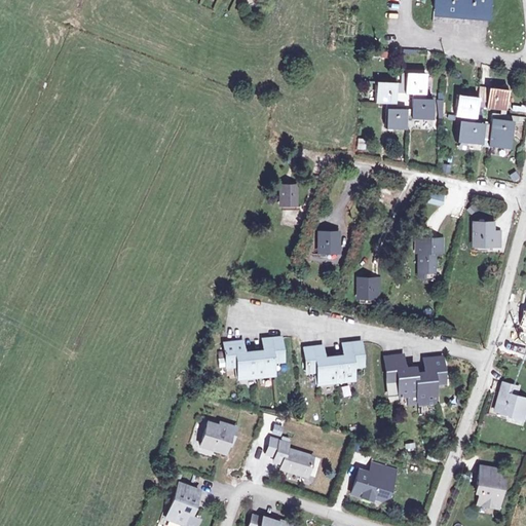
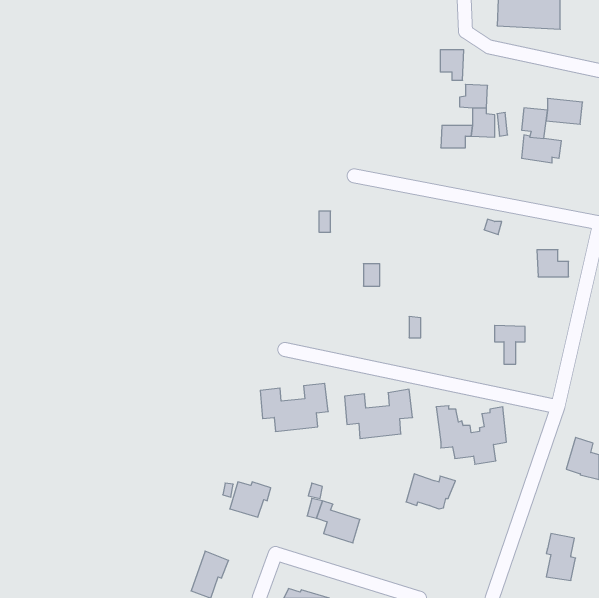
building: [377,83,398,110] -> [440,50,464,80]
building: [489,112,514,147] -> none
building: [411,236,438,270] -> [495,325,525,364]
building: [353,468,397,499] -> [406,474,455,509]

